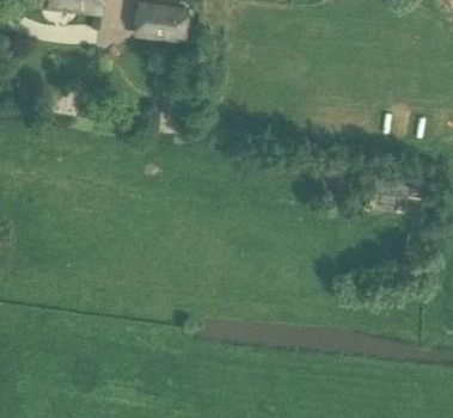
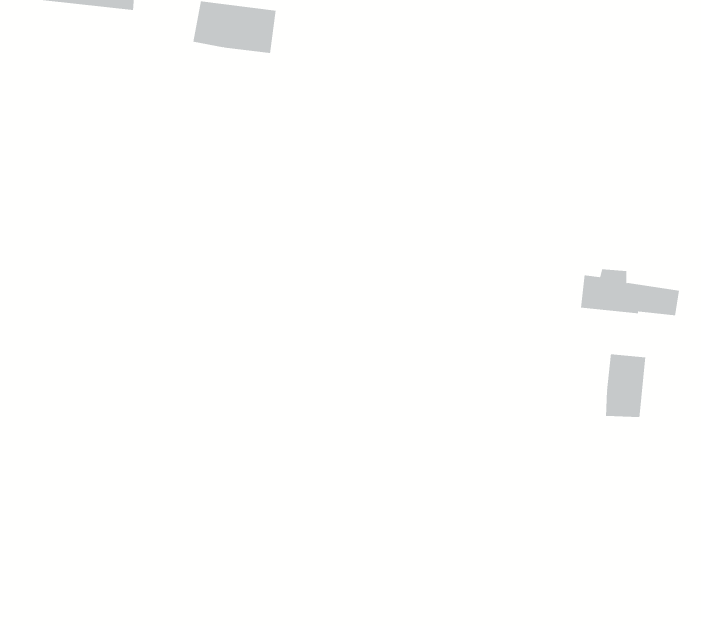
building: none -> [606,353,646,418]

